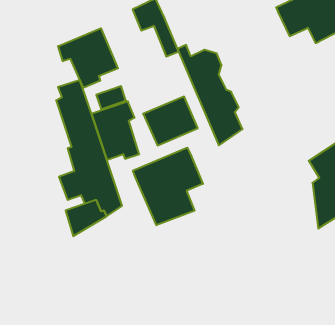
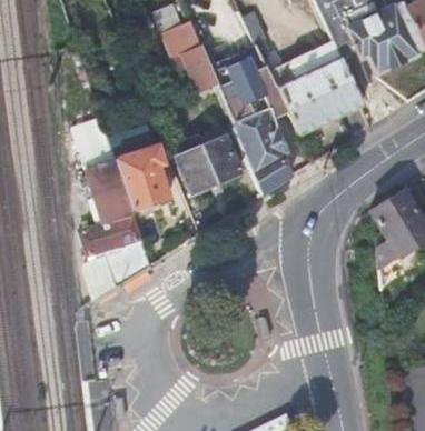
building: none -> [269,39,362,132]
building: [58,28,118,88] -> none
building: [133,148,203,225] -> none

